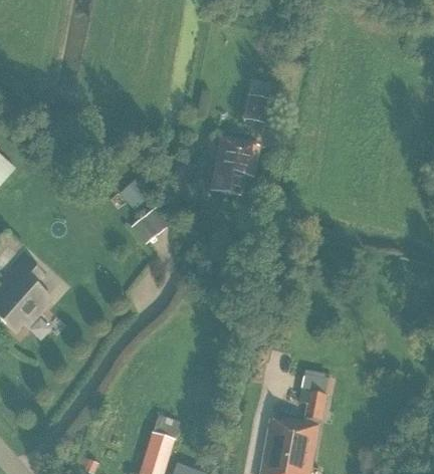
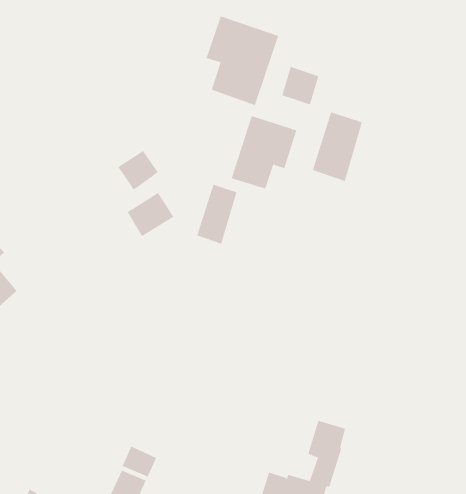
building: none -> [206,15,279,106]
building: none -> [312,111,363,182]
building: none -> [197,184,237,244]

